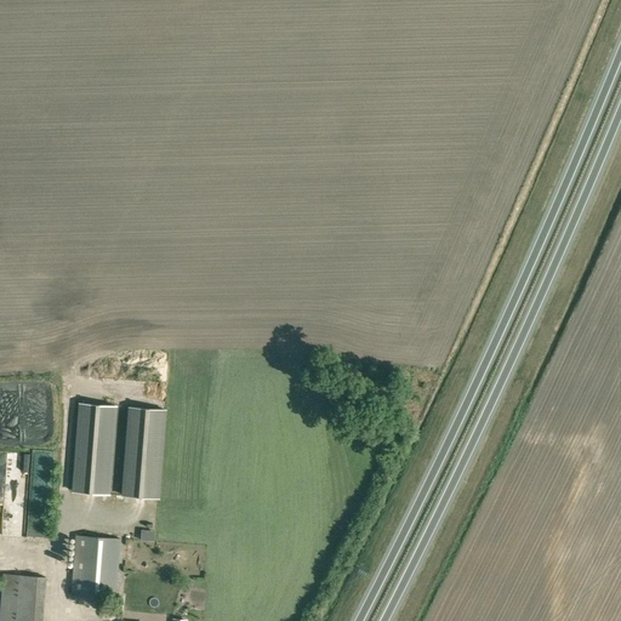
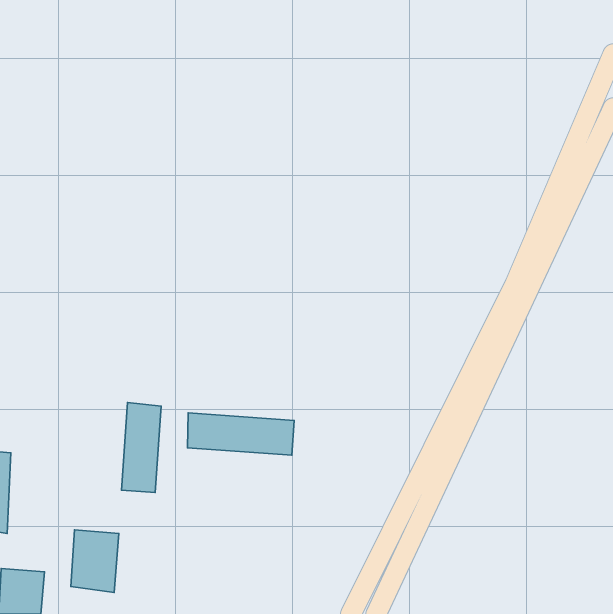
building: [73,403,114,494] -> none
building: none -> [187,413,294,455]

